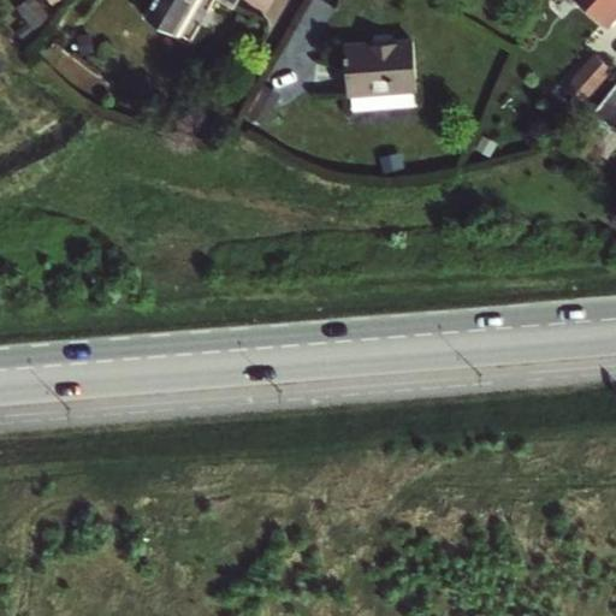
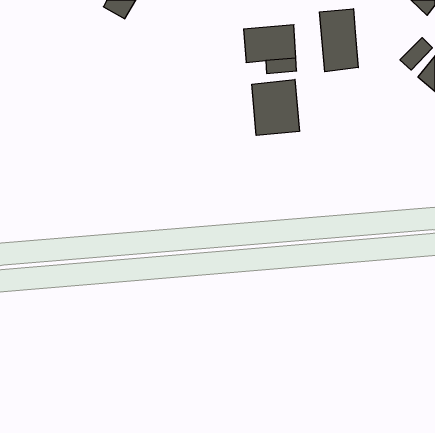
building: none -> [320,9,358,72]
building: none -> [252,79,299,135]

